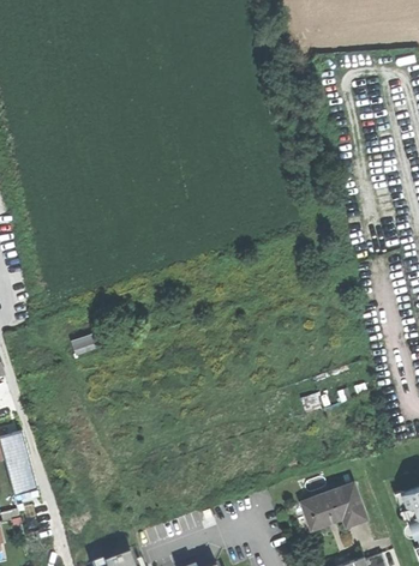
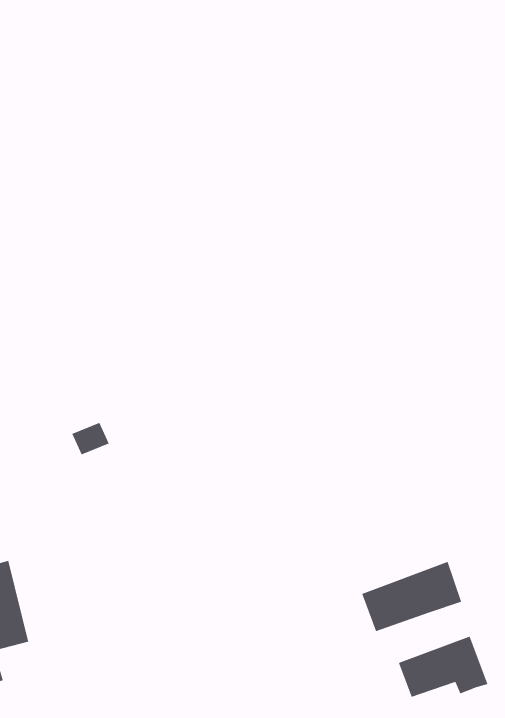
building: none -> [361,561,462,632]

